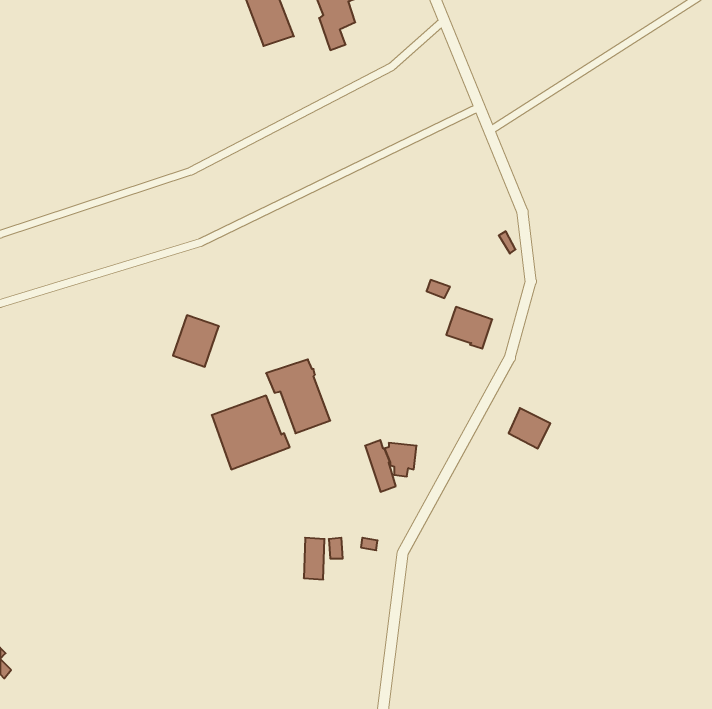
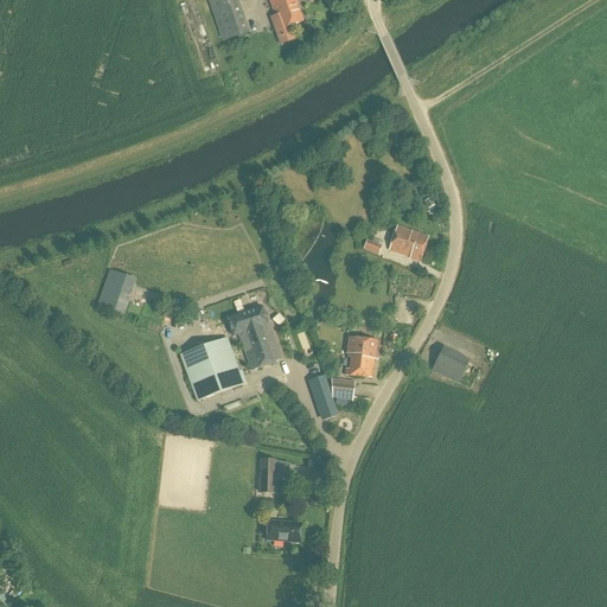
building: [446,307,492,349] -> [389,224,428,260]
building: [173,315,219,367] -> [97,269,136,313]
building: none -> [345,337,377,377]
building: none -> [267,519,301,542]

